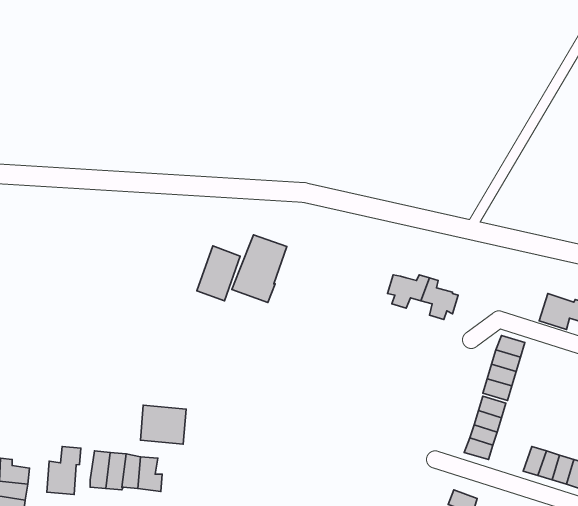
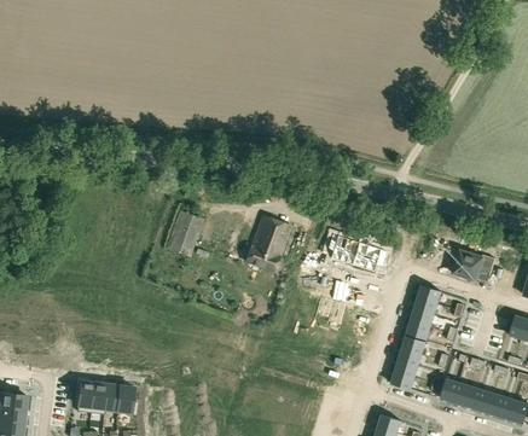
building: [232,235,287,303] -> [244,215,290,272]
building: [140,405,186,444] -> none
building: [47,446,81,495] -> none

